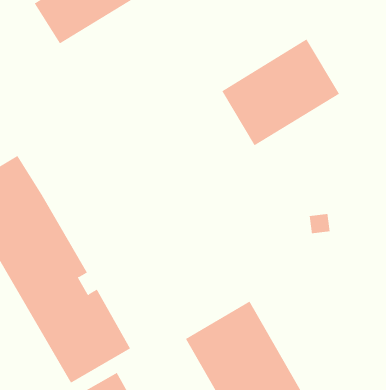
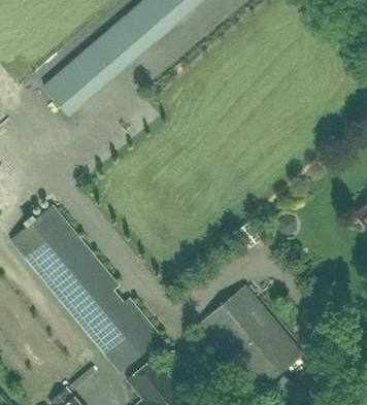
building: [221,39,340,146] -> none

